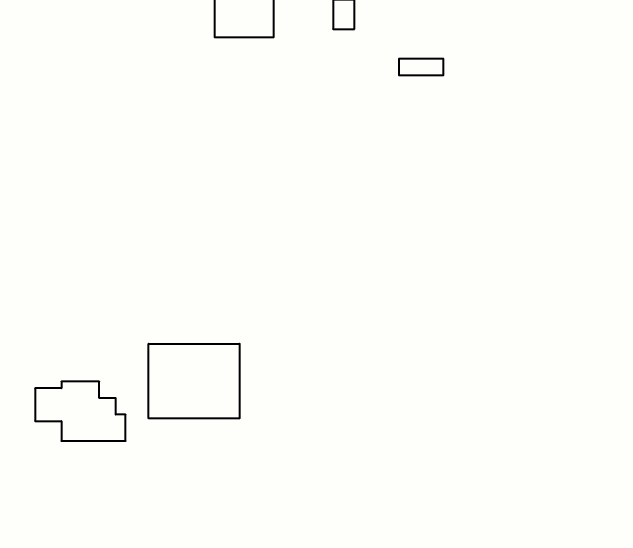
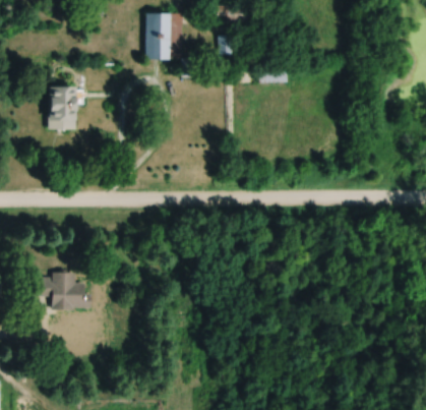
building: none -> [49,86,76,129]
building: [149,344,240,418] -> none

